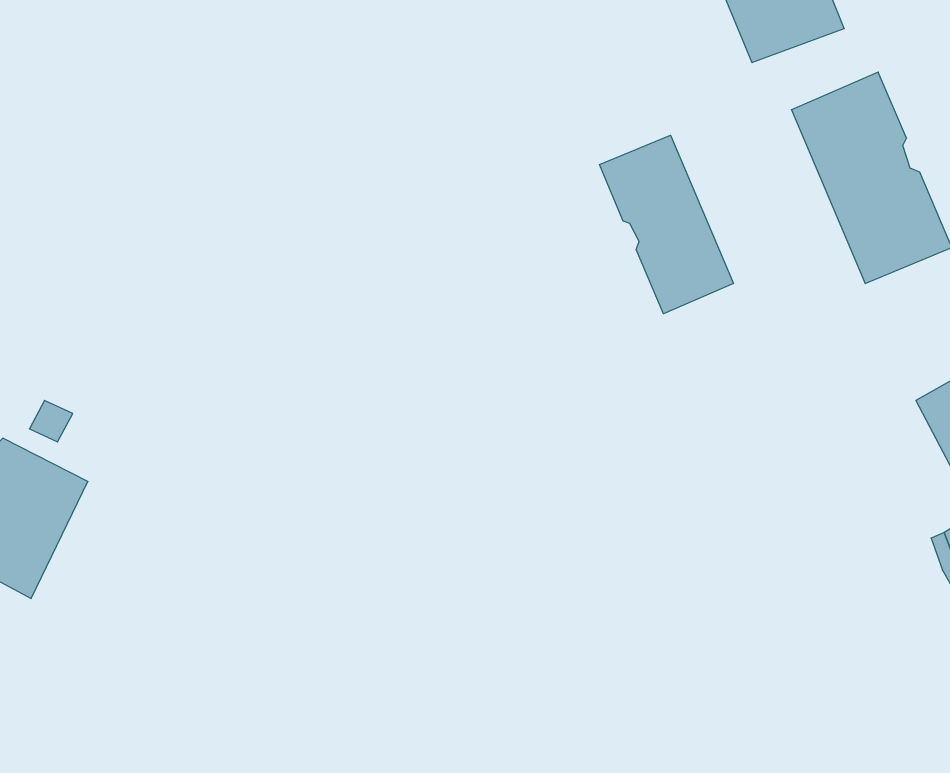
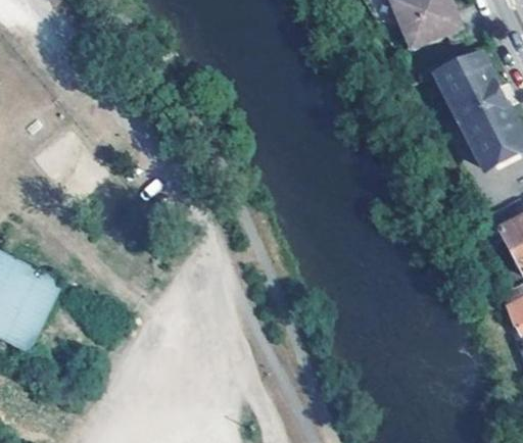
building: [599,135,733,314] -> none

